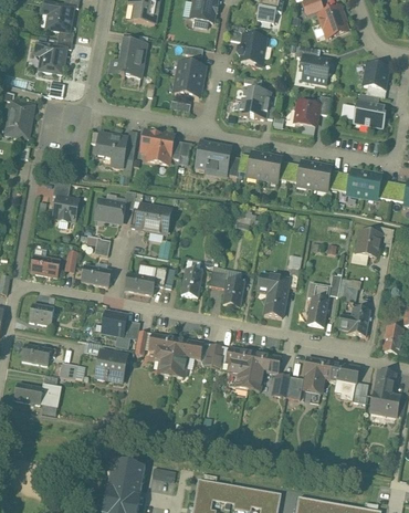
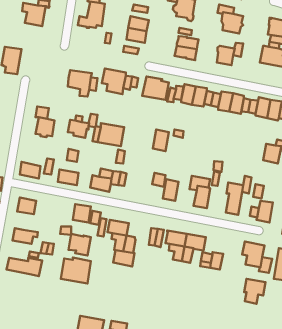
building: [180,269,201,297] -> [153,130,169,151]
building: [174,337,202,359] -> [113,250,135,267]
building: [303,357,332,390] -> [244,279,266,304]
building: none -> [61,258,91,284]

